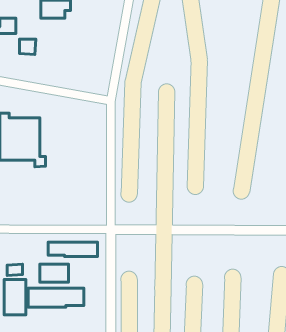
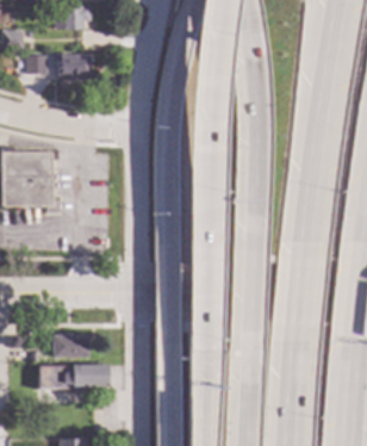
building: none -> [57,54,91,81]
building: [48,242,97,257] -> none
building: [4,280,26,315] -> none

